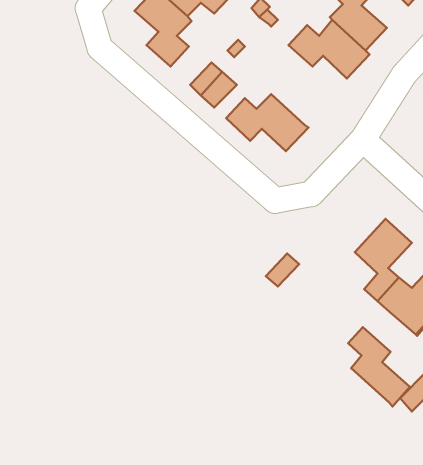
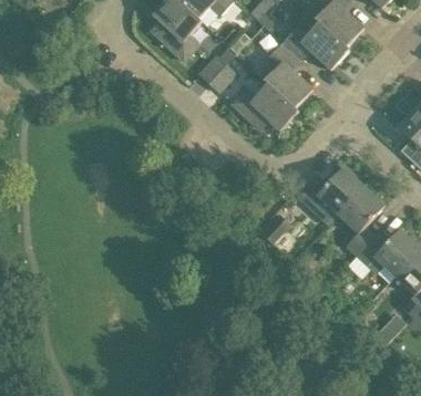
building: none -> [264,41,312,107]
building: none -> [316,166,362,213]
building: [348,327,410,407] -> none

